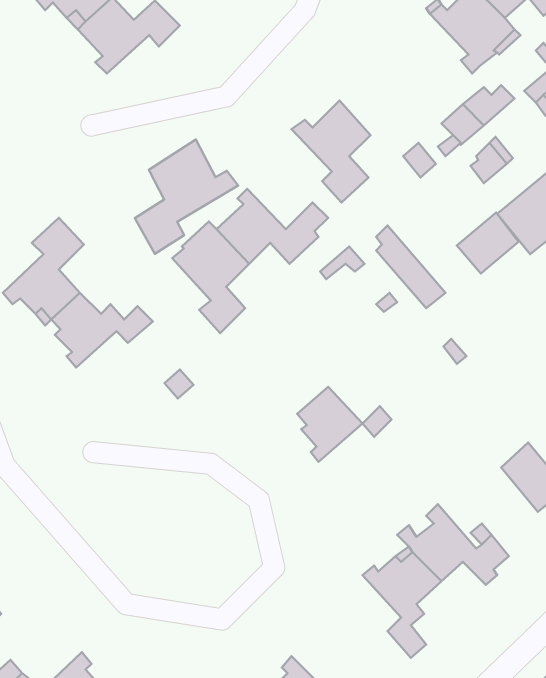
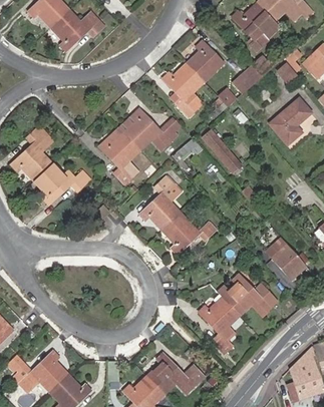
building: none -> [187,41,222,82]
building: [135,140,238,254] -> none
building: [457,213,518,273] -> none
building: none -> [139,175,181,228]

